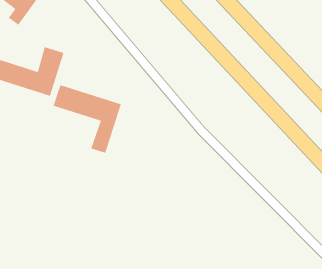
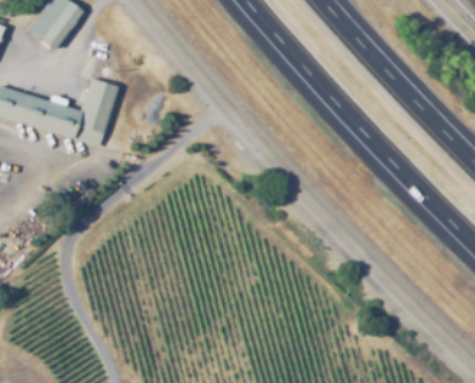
building: [53,84,122,154] -> none

